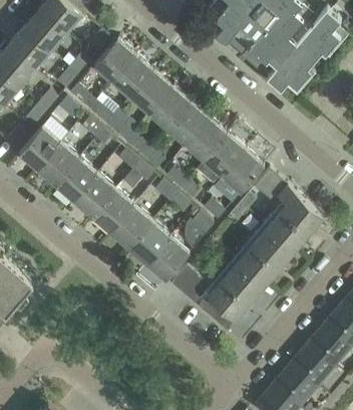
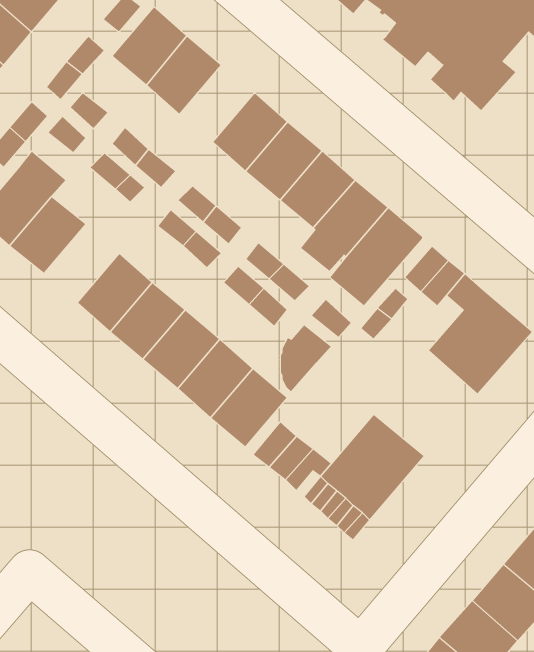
building: [130,71,171,114] -> none
building: [56,159,97,202] -> none
building: [237,228,294,286] -> none

